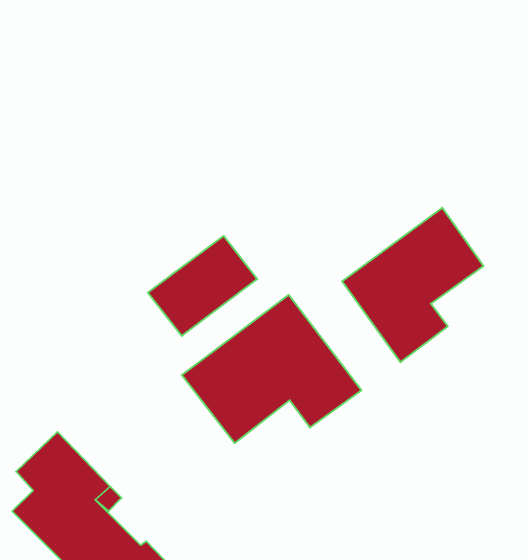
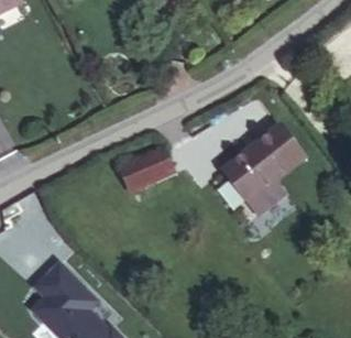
building: [182,295,361,443] -> none

